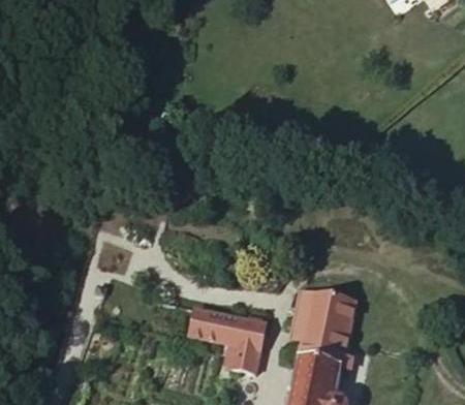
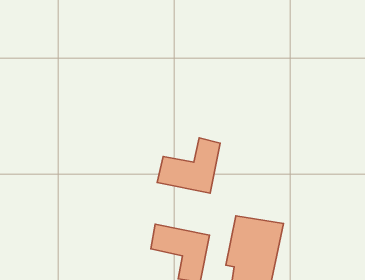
building: none -> [157,138,220,193]

